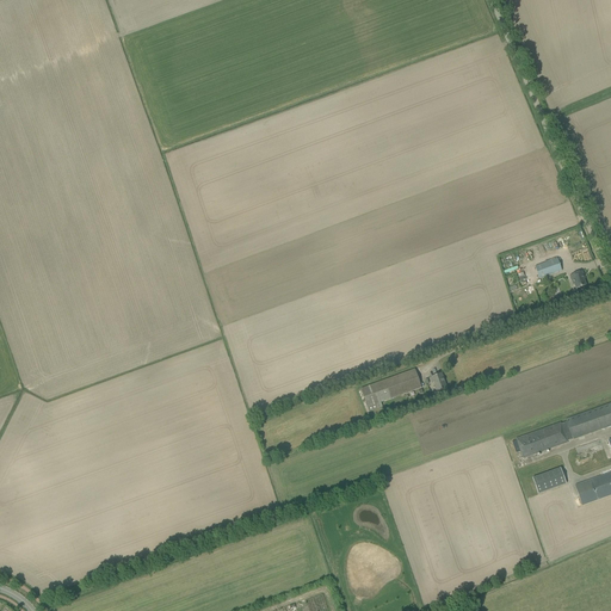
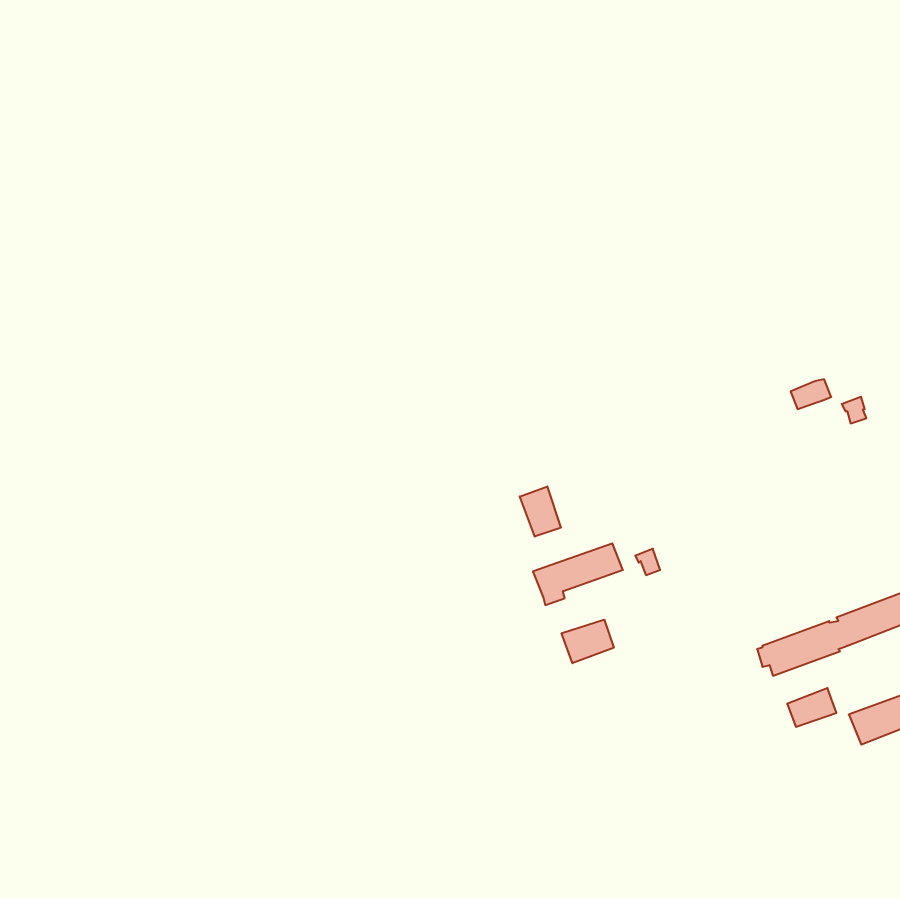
building: none -> [520,486,561,537]
building: none -> [562,620,614,663]

